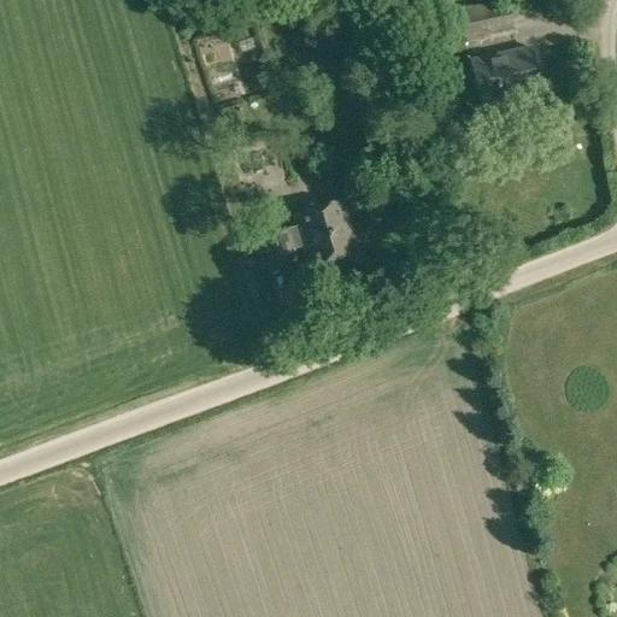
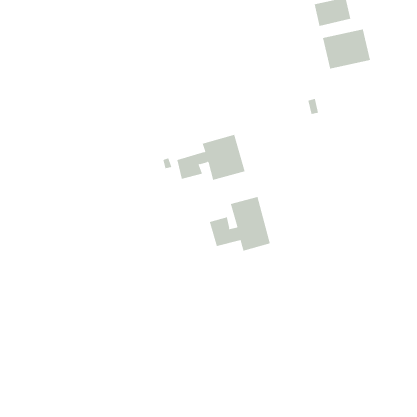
building: none -> [209,196,271,252]

